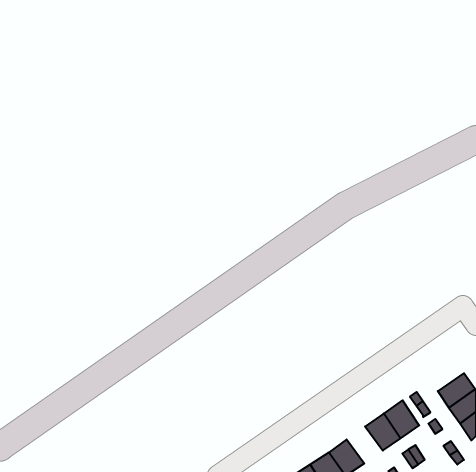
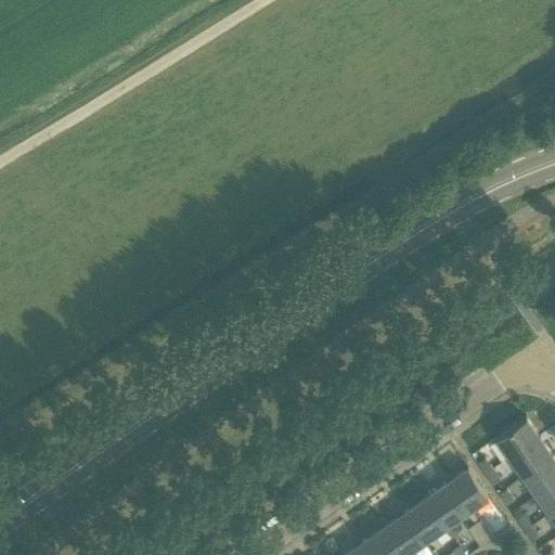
building: none -> [496,420,540,460]
building: none -> [403,501,446,544]

